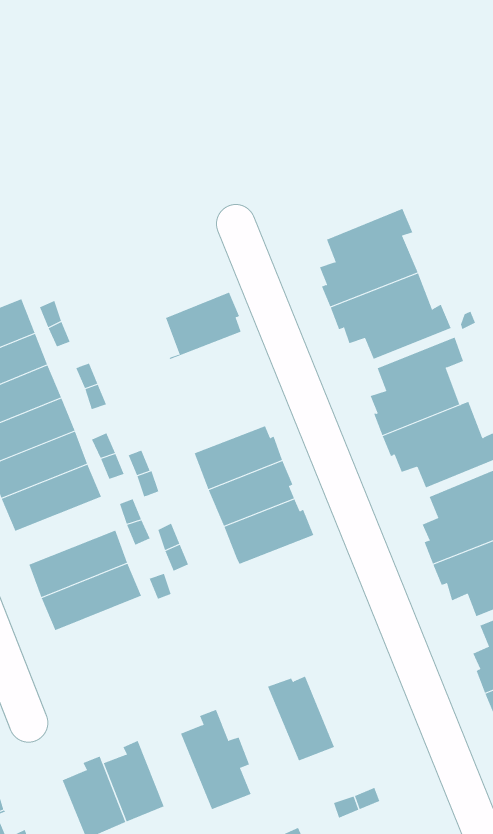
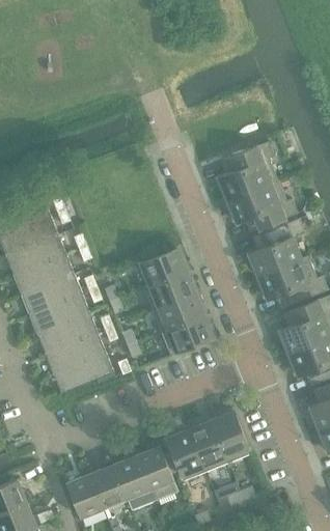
building: [165,292,242,360] -> [141,248,187,288]
building: none -> [37,314,98,355]
building: none -> [211,410,251,464]
building: none -> [166,427,207,481]
building: none -> [111,450,155,510]

